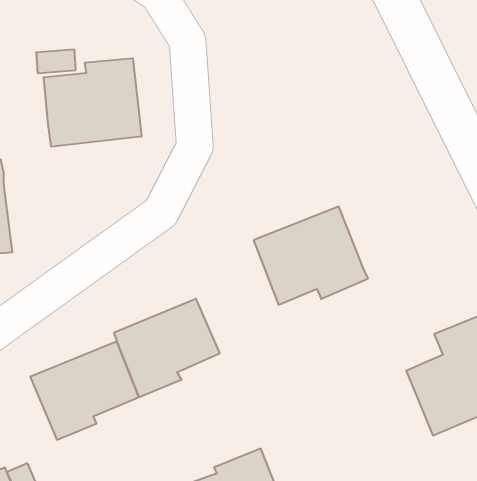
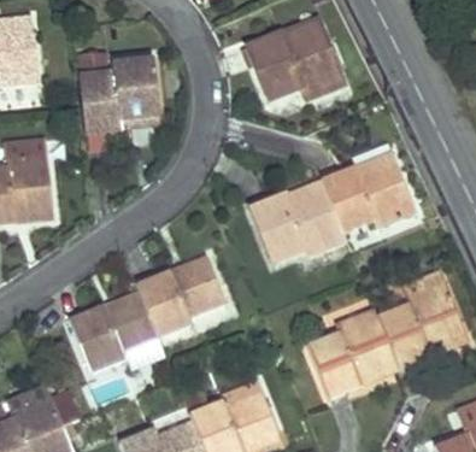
building: none -> [248,18,342,99]
building: none -> [322,145,415,233]
building: none -> [307,307,399,397]

